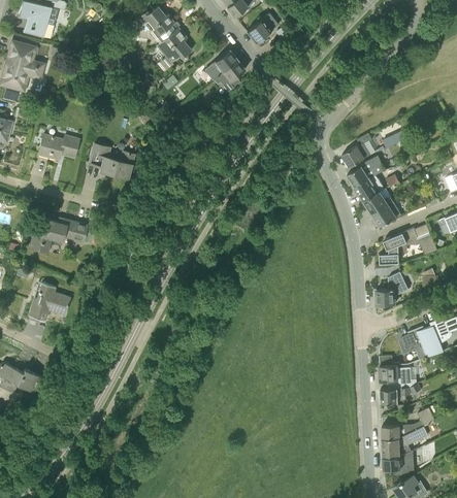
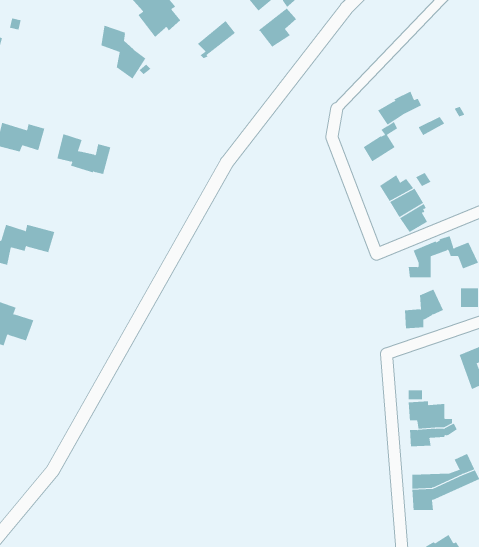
building: none -> [101,25,146,80]
building: [214,60,246,93] -> [258,8,297,48]
building: [348,158,385,187] -> [377,91,422,126]
building: [400,327,432,360] -> none
building: [384,452,412,475] -> none

